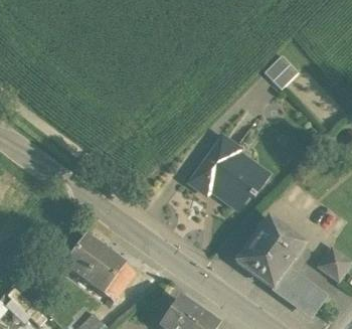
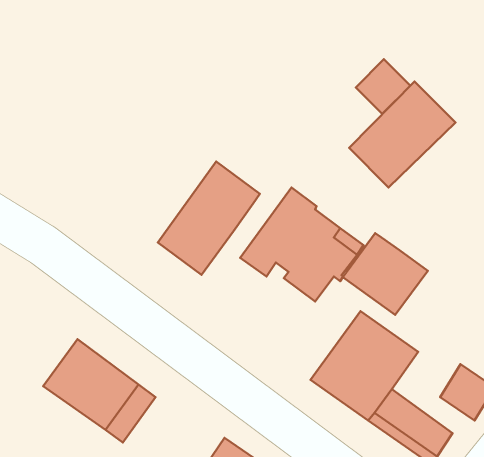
building: none -> [349,82,456,188]
building: none -> [158,161,260,275]
building: none -> [343,233,428,315]

